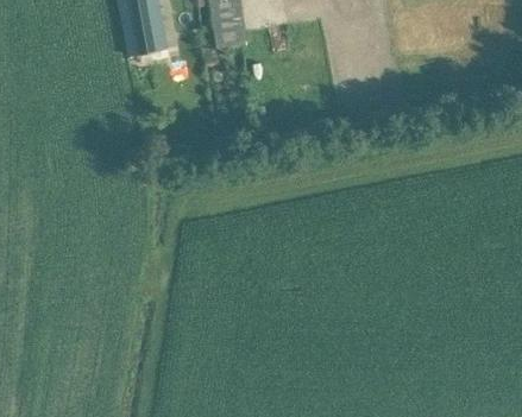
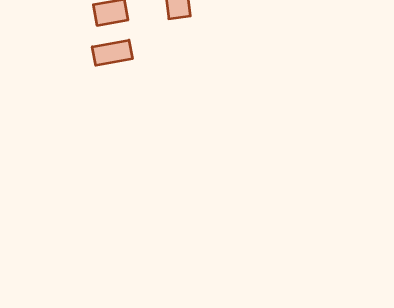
building: none -> [92,40,132,65]

